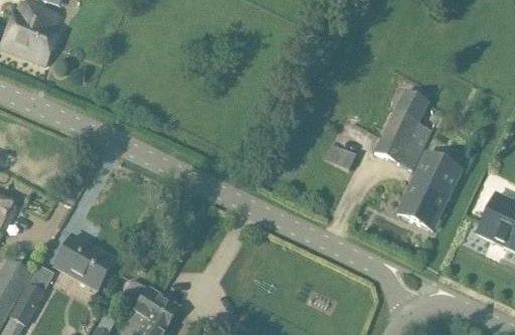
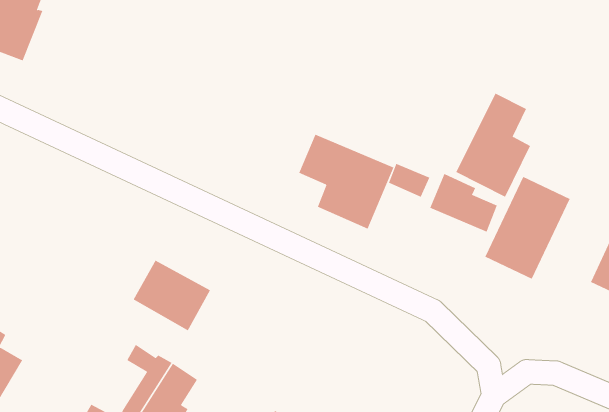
building: none -> [299,134,394,229]
building: none -> [429,173,497,232]
building: [54,234,114,289] -> [133,260,211,331]

